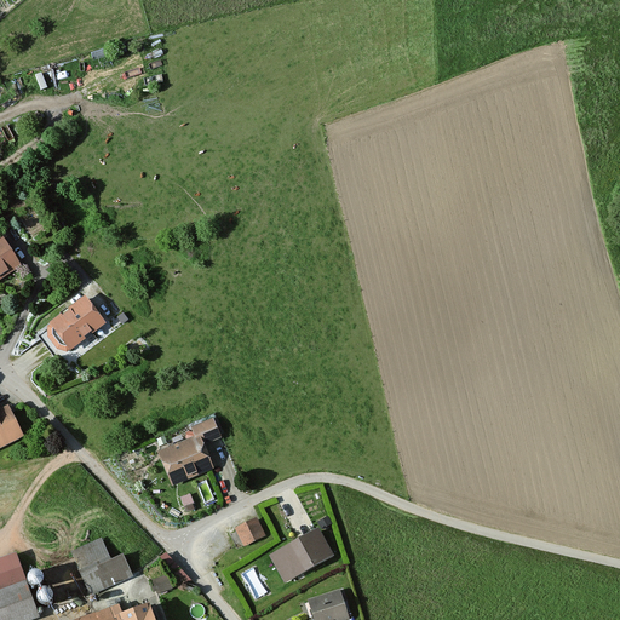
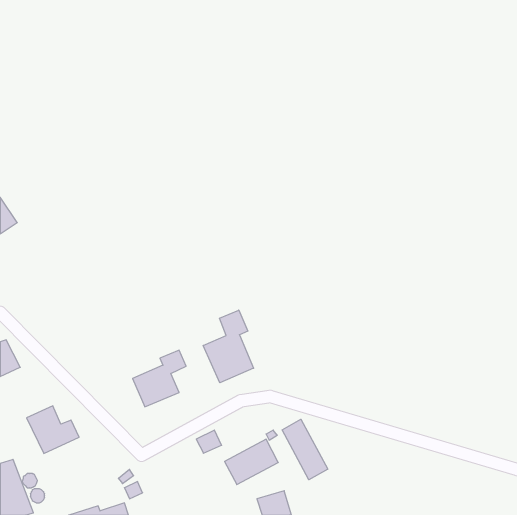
building: [38,298,105,360] -> none
building: none -> [203,310,254,383]
building: none -> [282,419,328,480]
building: [69,539,132,596] -> [27,406,79,453]

